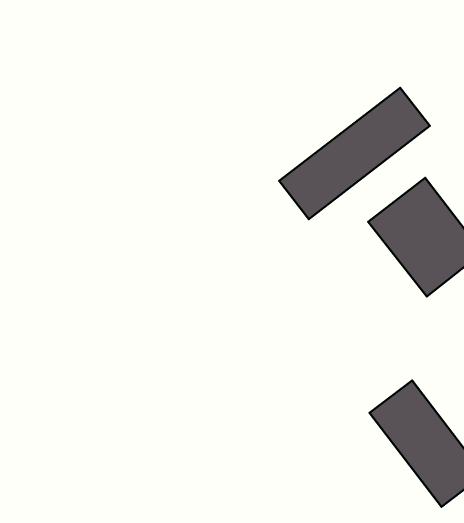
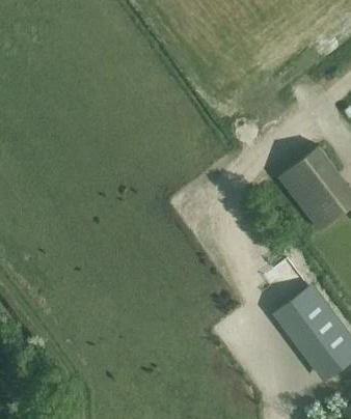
building: [279,88,430,219] -> none

